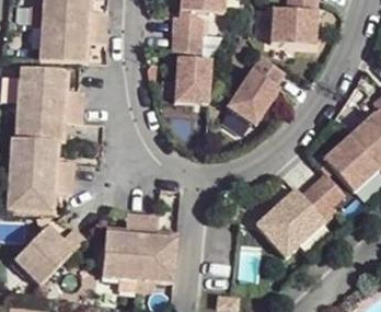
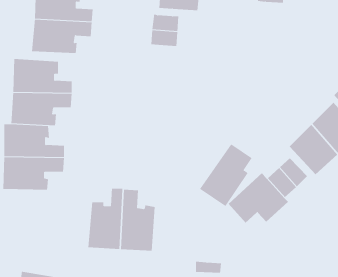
building: [272,8,318,45] -> none
building: [224,56,284,126] -> [199,143,252,207]
building: [173,57,210,105] -> none
building: [13,224,85,285] -> none

